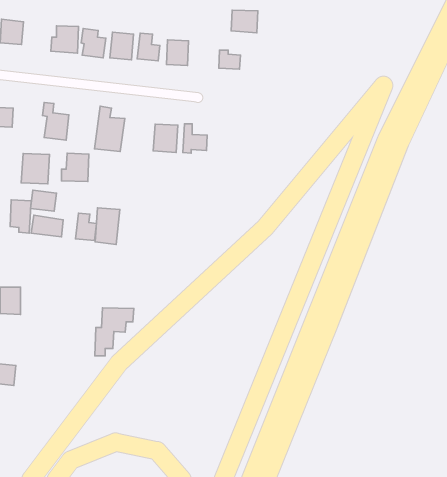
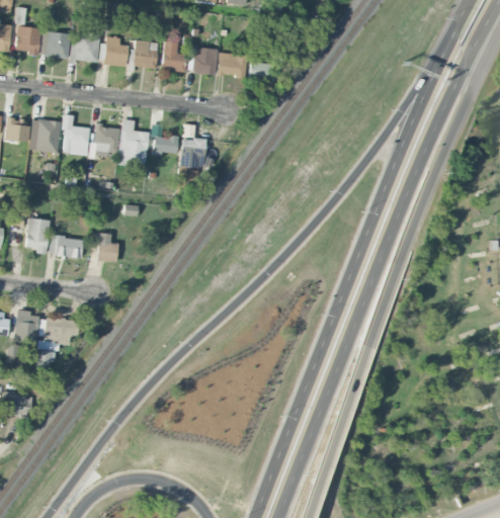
building: [231,10,258,33] -> [217,53,245,77]
building: none -> [41,31,69,58]
building: [183,124,207,153] -> [152,124,178,156]
building: [61,153,89,182] -> [89,125,118,156]
building: [21,153,50,184] -> [29,119,60,152]
building: [31,190,56,211] -> none
building: [95,208,120,245] -> none
building: [95,308,134,356] -> [36,319,78,370]

